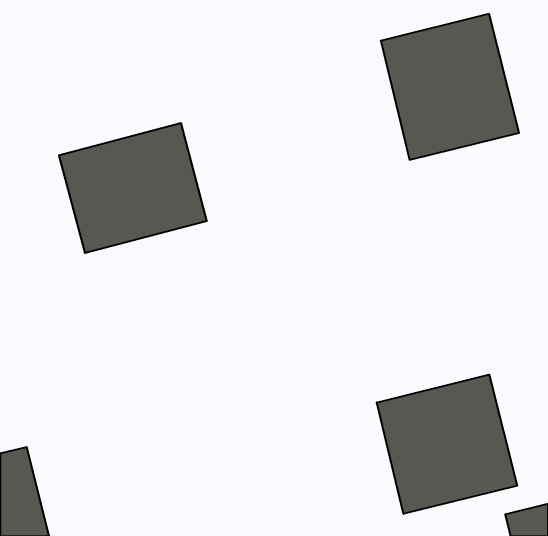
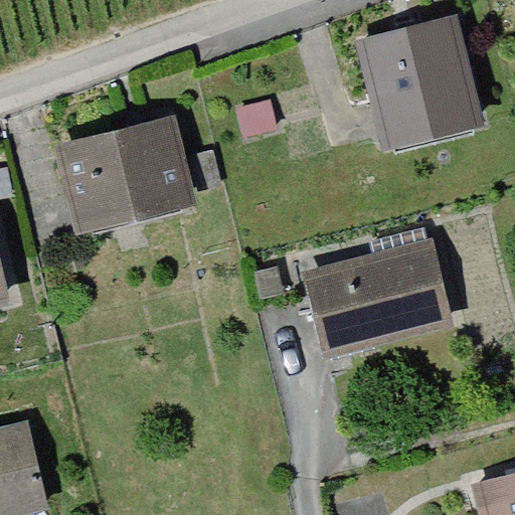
building: none -> [300,237,456,363]
building: [377,375,517,514] -> none

